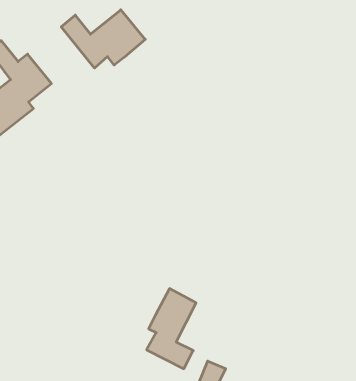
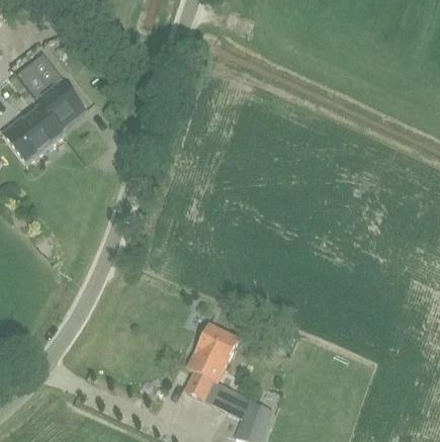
building: [61,10,145,68] -> none

